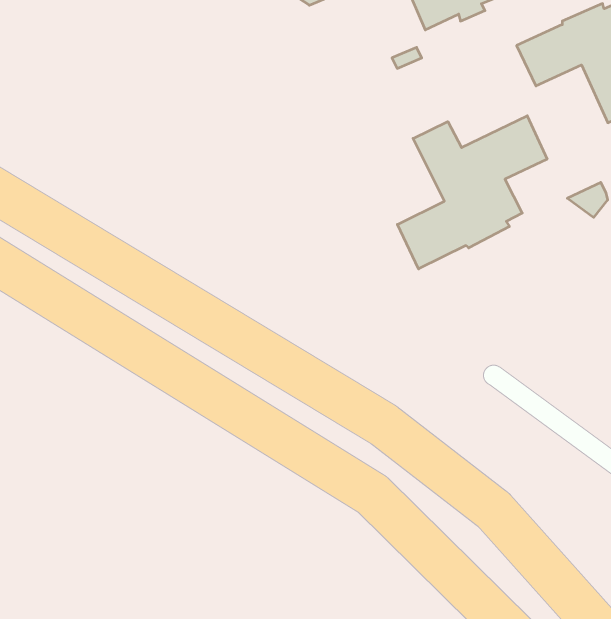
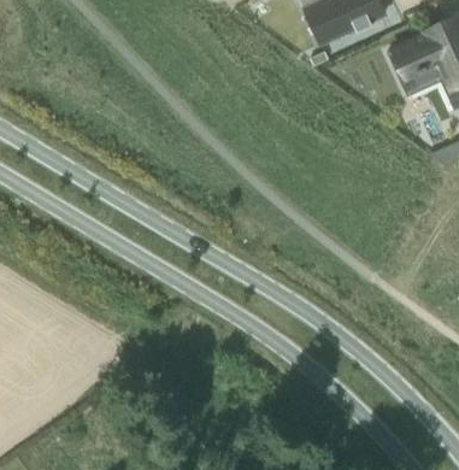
building: [397,116,547,269] -> none

